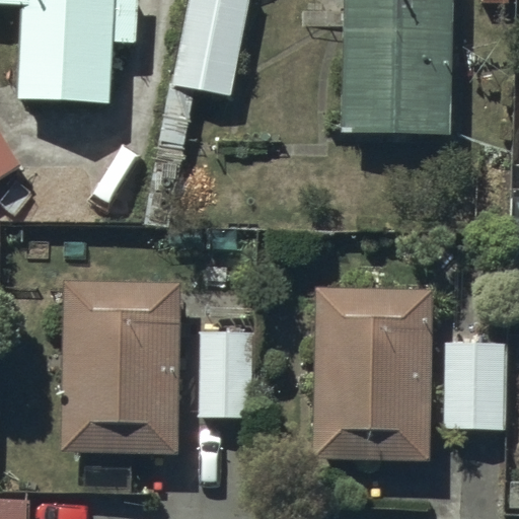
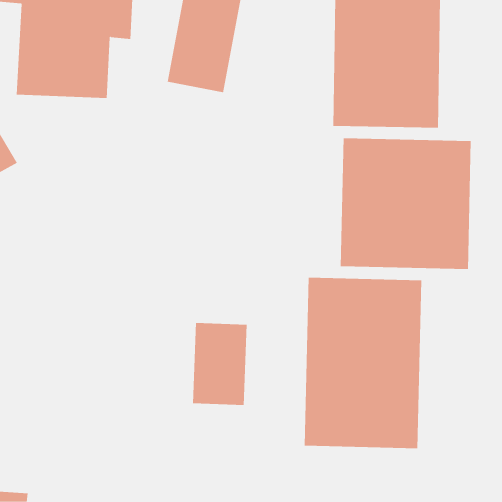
building: none -> [340,137,471,270]
building: [59,281,181,453] -> none
building: [441,341,506,430] -> none

